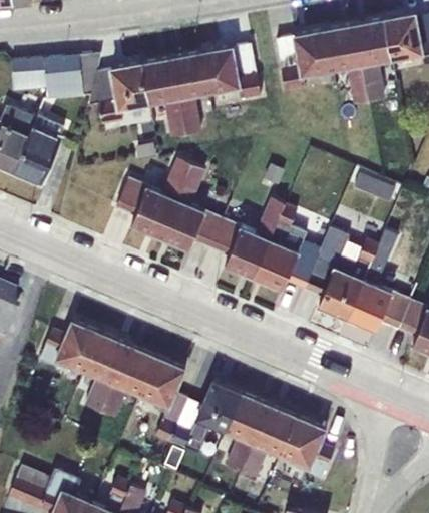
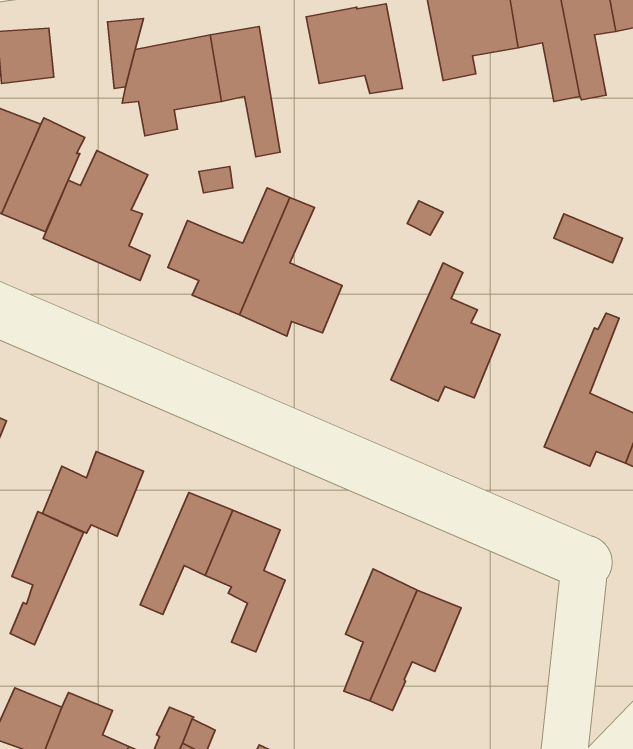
building: [172,53,209,136] -> none
building: [43,56,83,100] -> none
building: none -> [43,150,150,280]
building: [211,197,286,277] -> none
building: [305,228,379,318] -> none
building: [84,333,129,415] -> [10,511,83,645]
building: [170,381,243,455] -> none
building: [281,417,334,479] -> none

